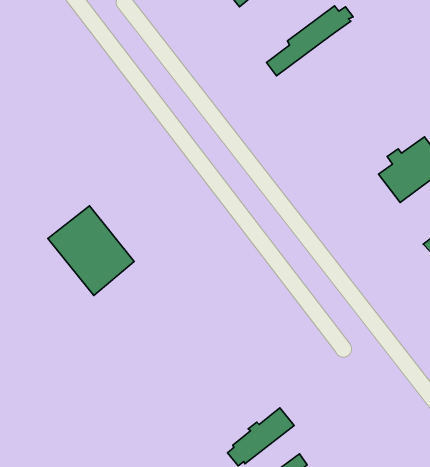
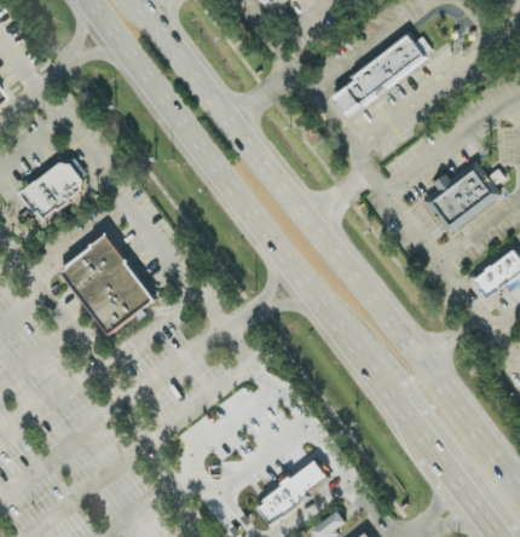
building: [267,6,353,76] -> [334,36,429,114]
building: none -> [21,161,83,218]

